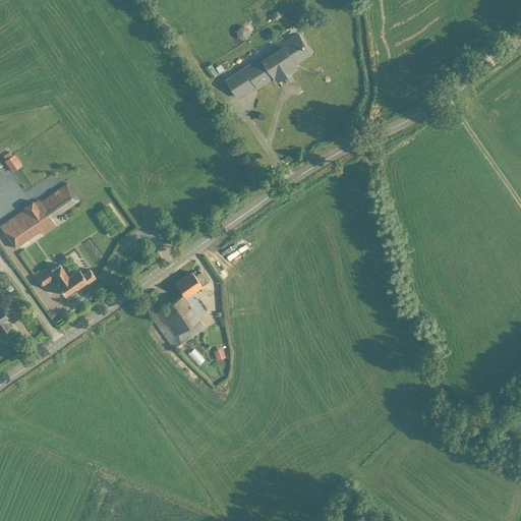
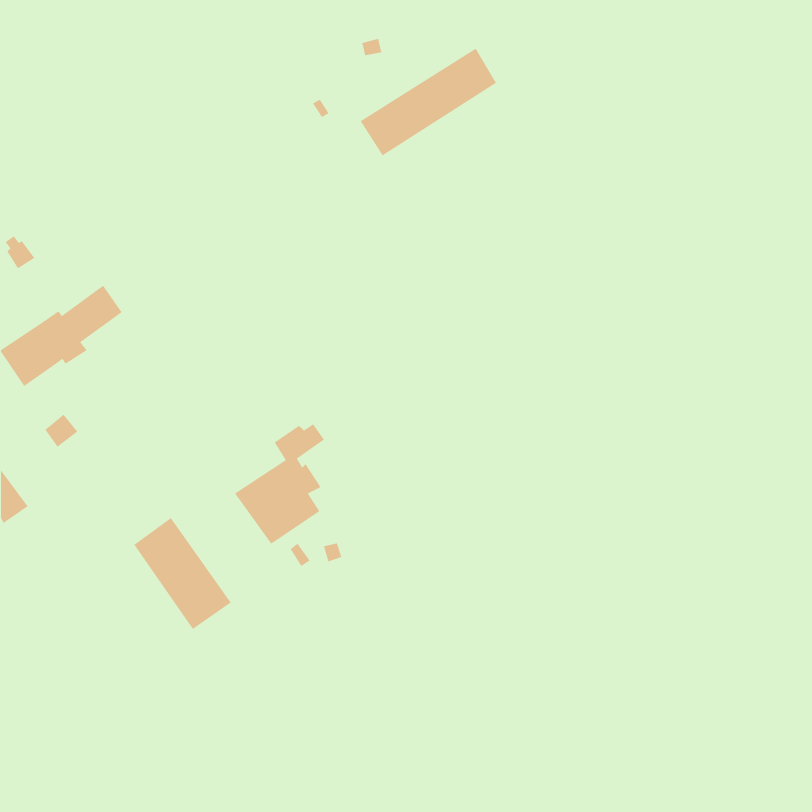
building: [53,263,99,296] -> none
building: none -> [133,517,232,630]

